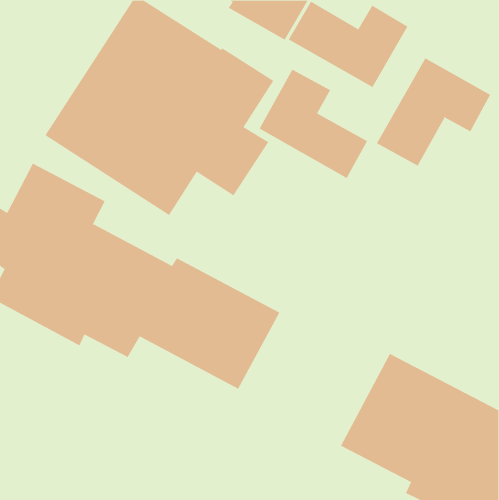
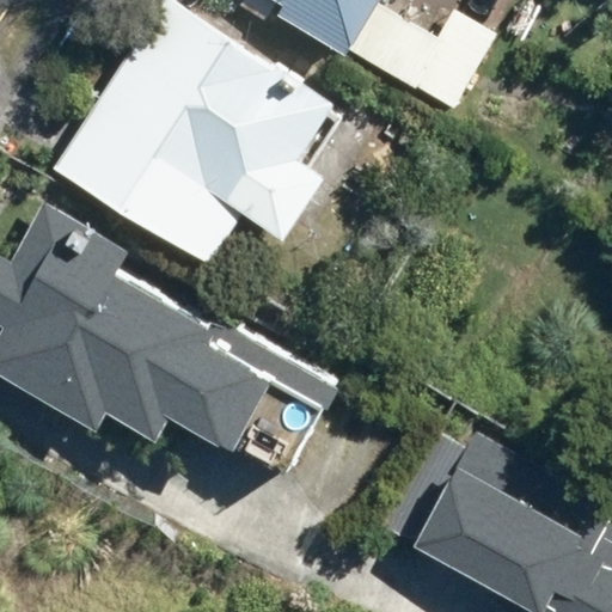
building: [376,58,491,167] -> none
building: [259,69,368,179] -> none

